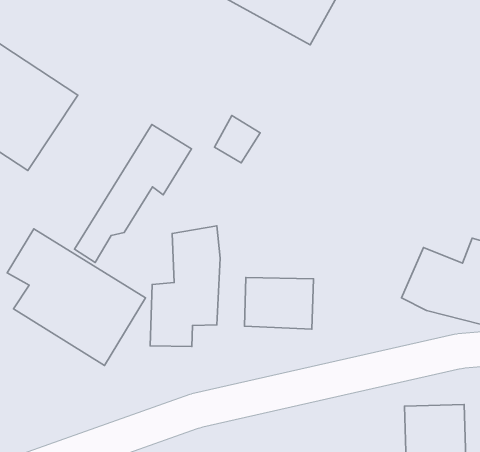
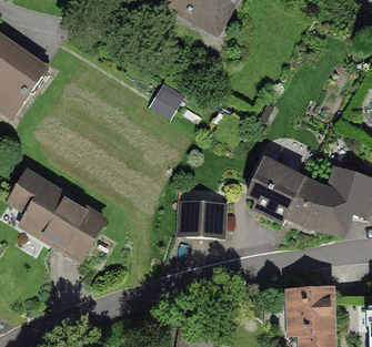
building: [75,125,192,263] -> none
building: none -> [245,150,301,222]
building: [150,226,220,347] -> none

